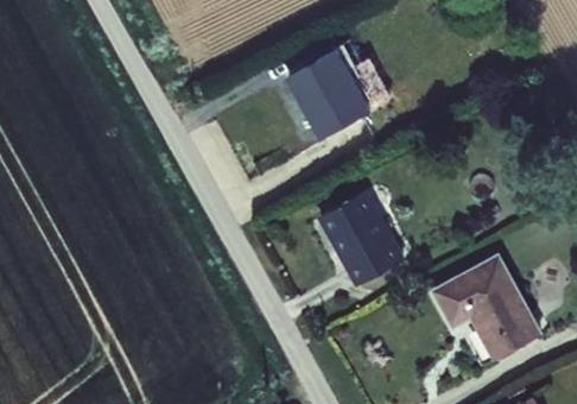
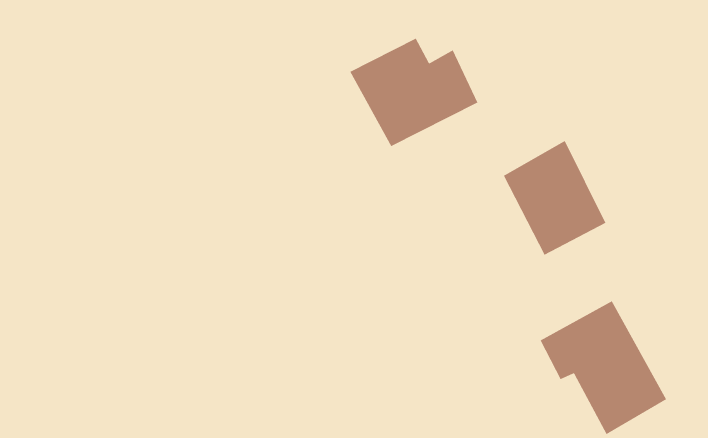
building: [319,194,402,286] -> [503,140,607,256]

